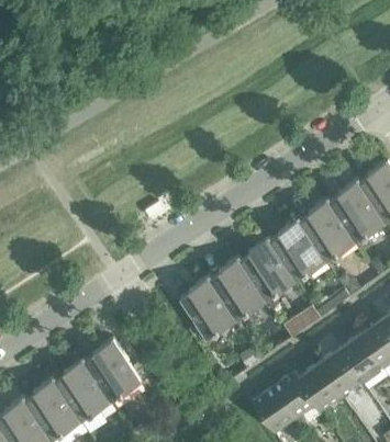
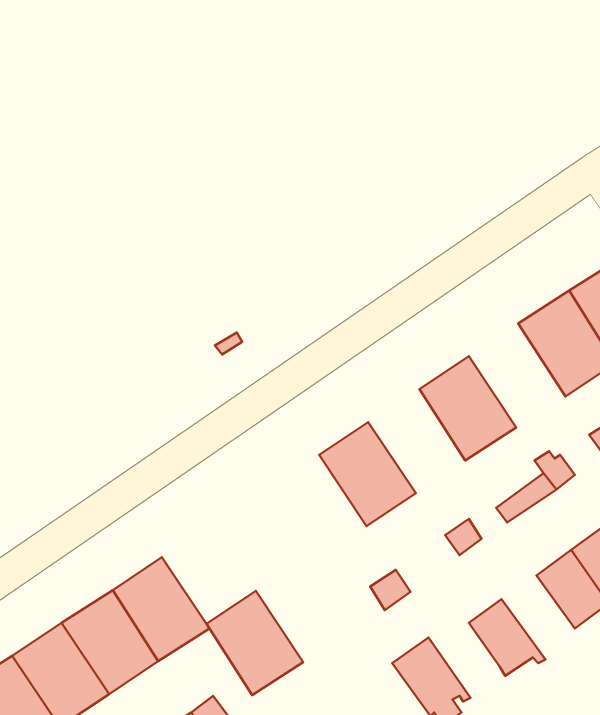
building: [298,200,356,262] -> none
building: [237,239,296,302] -> none
building: [178,279,236,341] -> [207,591,303,695]
building: [317,351,361,401] -> none
building: [274,374,316,424] -> none

